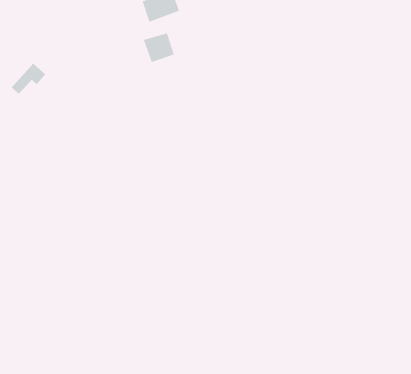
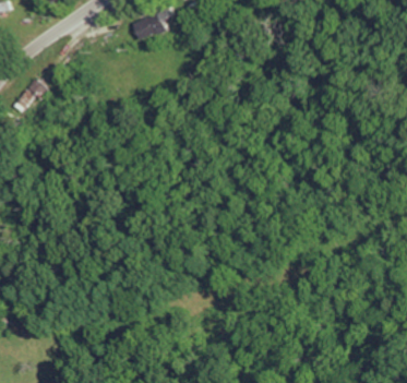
building: [143,33,175,63] -> none

